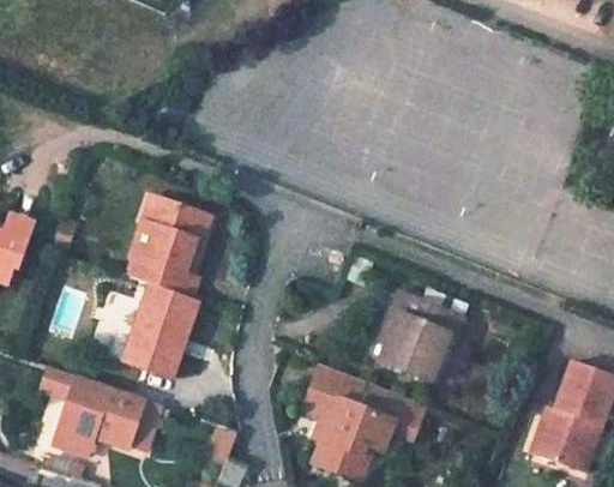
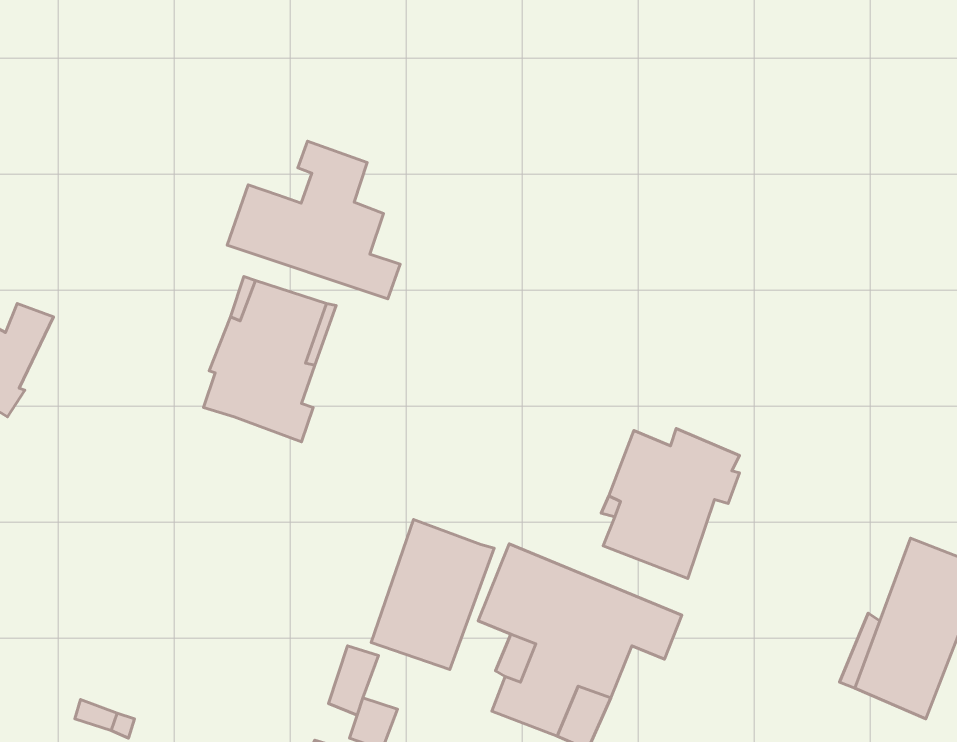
building: none -> [227,141,400,299]
building: [121,283,198,377] -> [371,519,494,669]
building: [42,368,150,457] -> none

